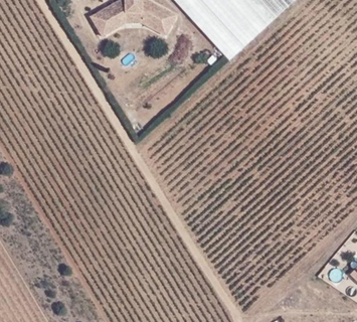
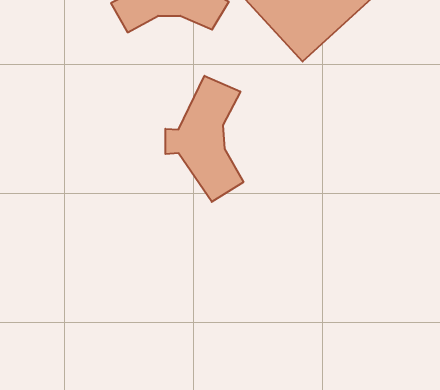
building: none -> [165,76,243,202]

